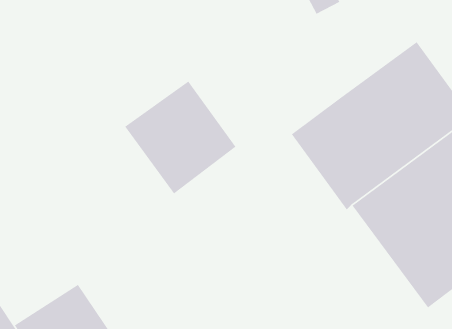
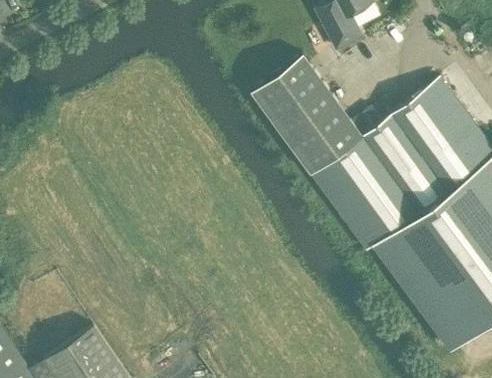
building: none -> [252,56,361,174]
building: [124,80,237,195] -> none

